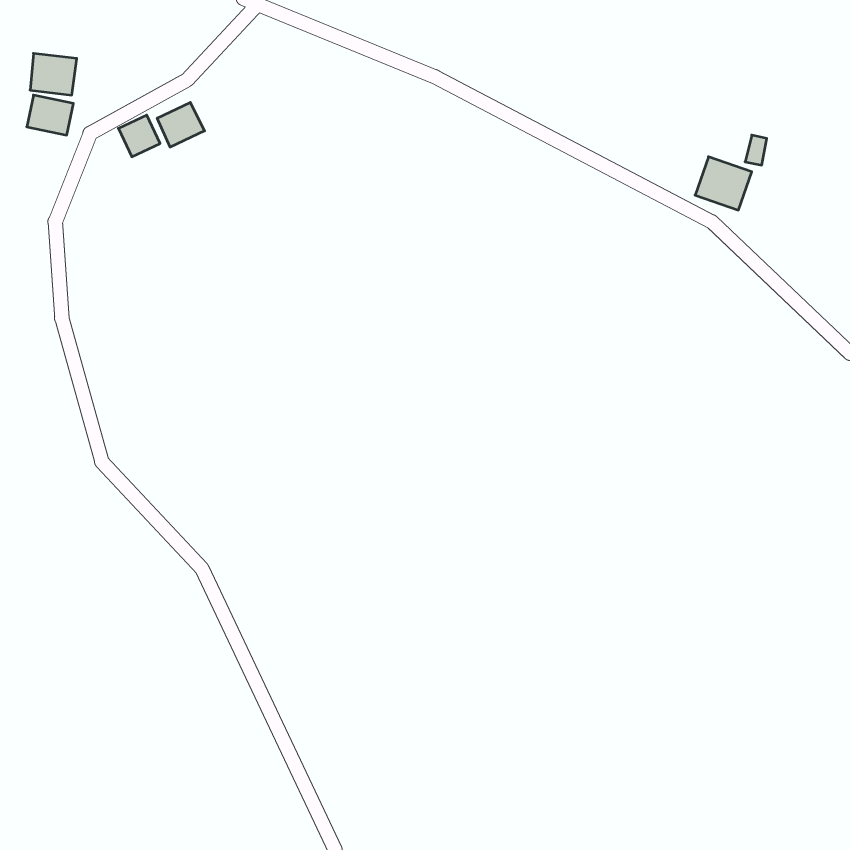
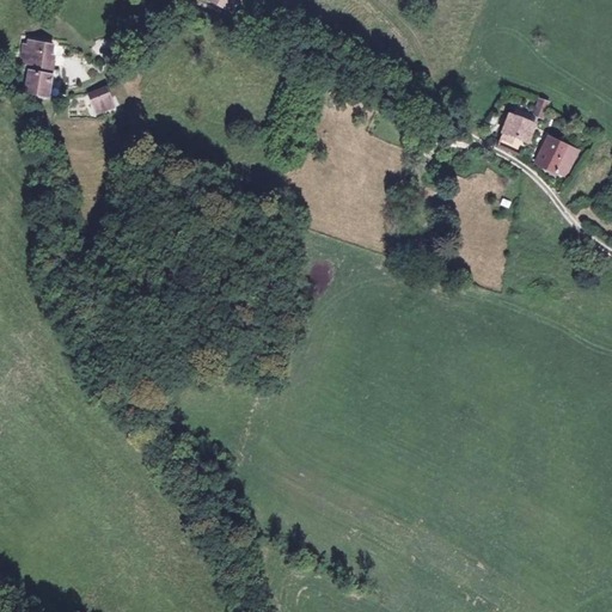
building: [157,102,205,147] -> none
building: none -> [533,135,581,179]

